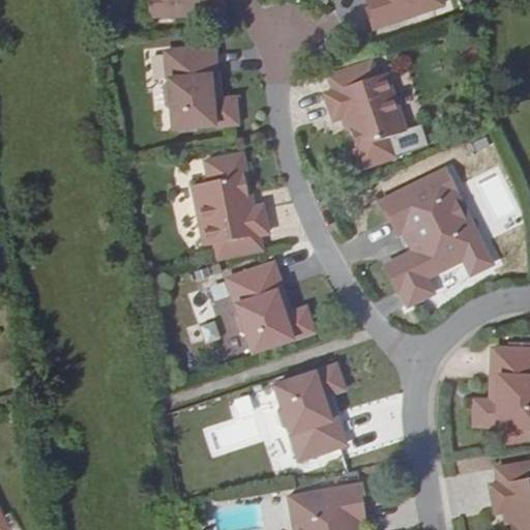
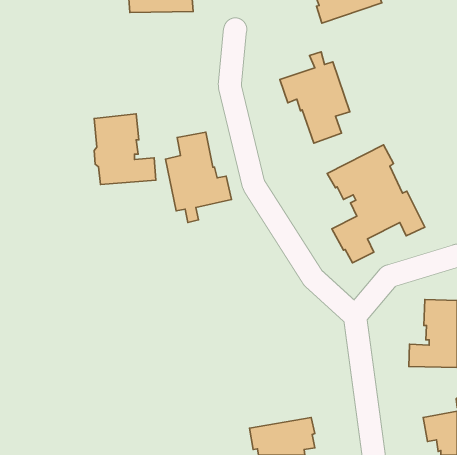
building: [165,46,236,127] -> [94,114,156,185]
building: [227,262,313,352] -> none
building: [273,364,345,459] -> none

